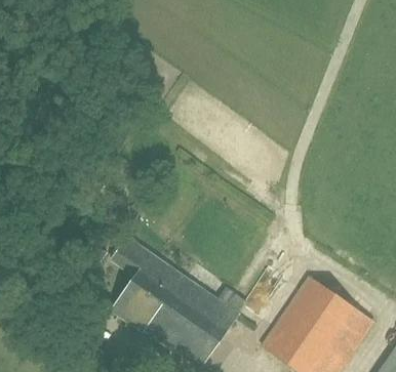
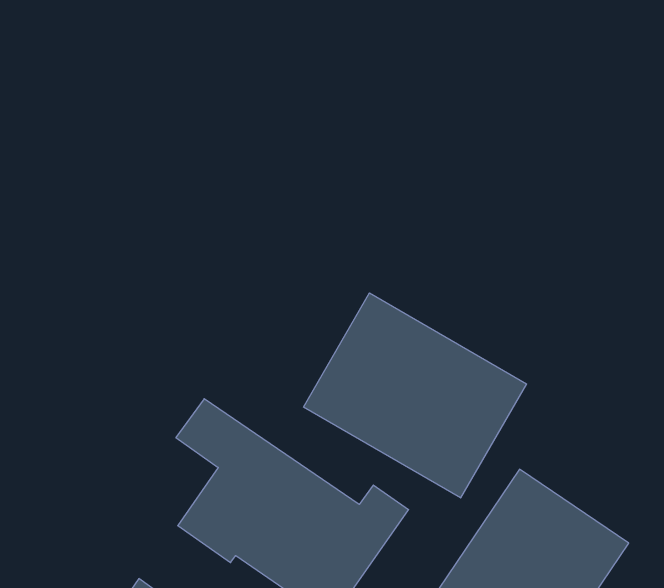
building: none -> [304,293,527,498]

